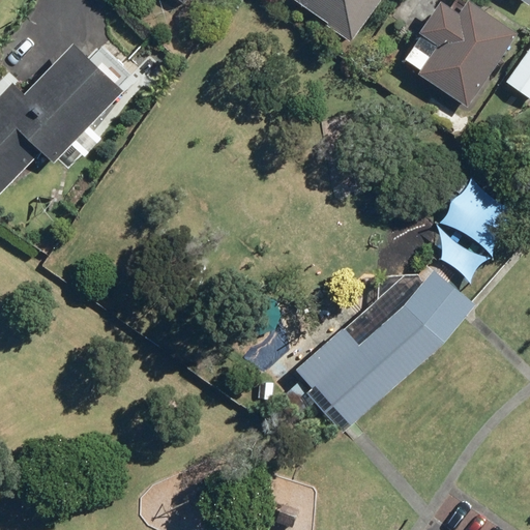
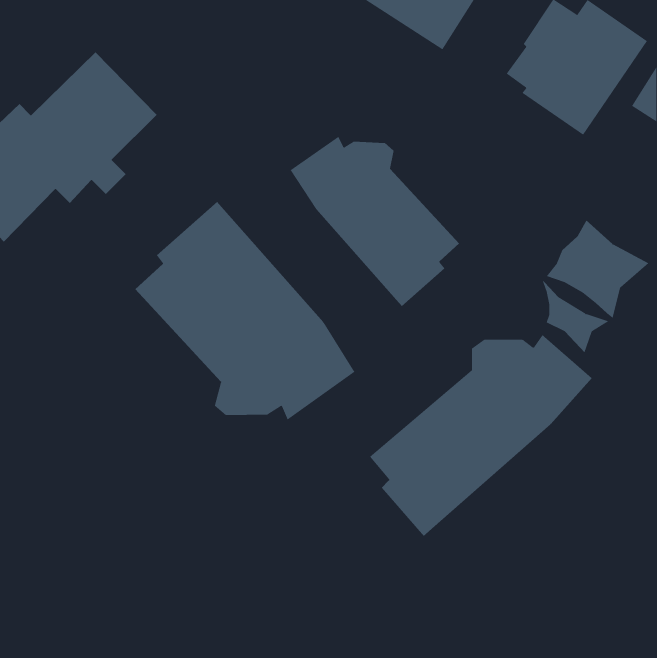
building: none -> [290,136,460,307]
building: none -> [135,201,355,421]

